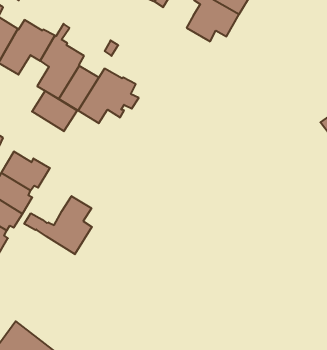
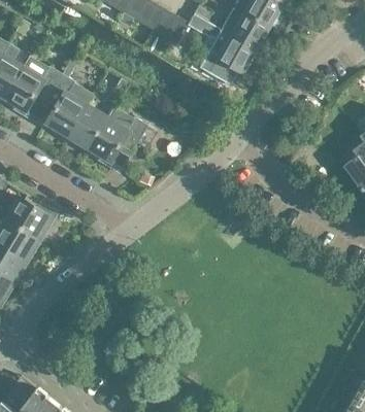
building: [32,91,77,131] -> none
building: [24,196,92,254] -> none

